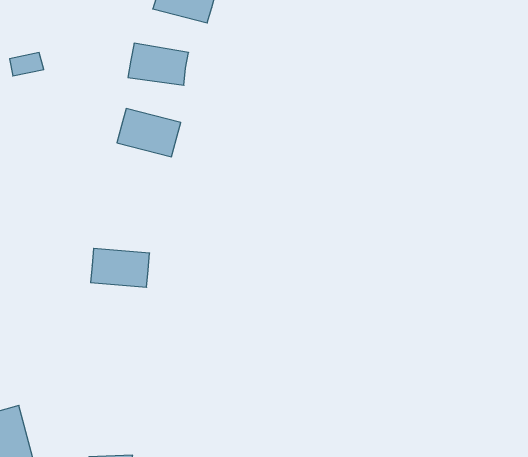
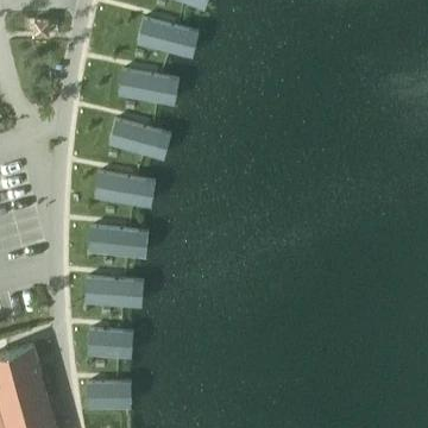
building: none -> [95,172,143,204]
building: none -> [84,279,128,309]
building: none -> [89,332,124,358]

